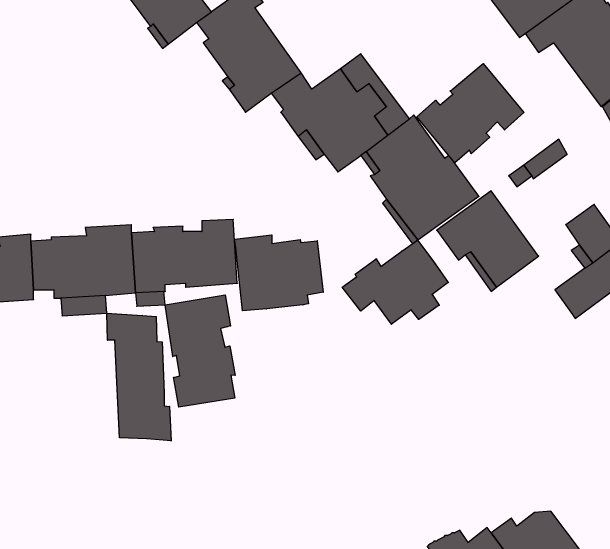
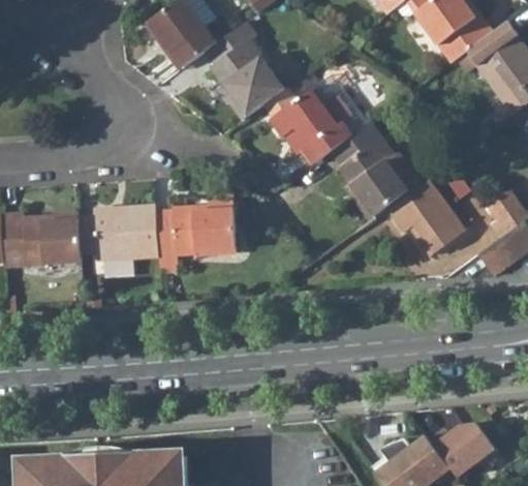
building: [417,64,524,163] -> none
building: [234,235,323,311] -> none
building: [342,240,448,324] -> none
building: [165,295,235,407] -> none
building: [107,313,171,441] -> none

